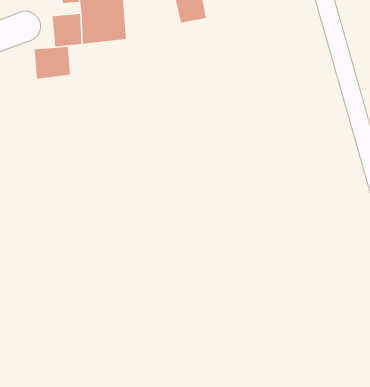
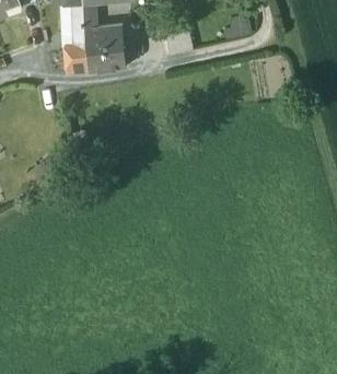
building: [34,46,71,80] -> none

